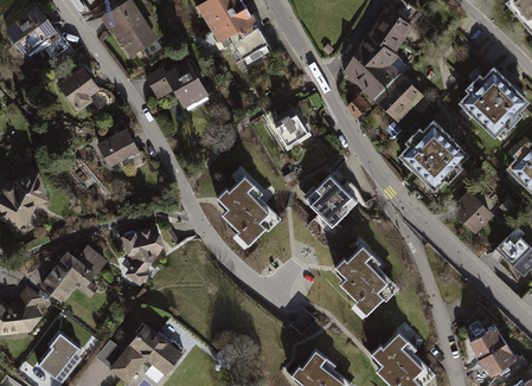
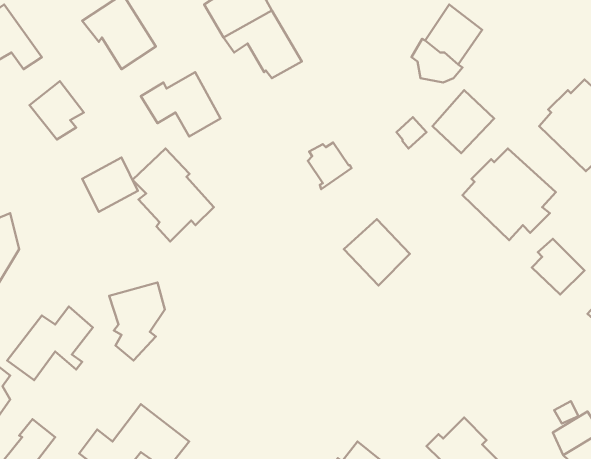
building: [344,47,399,102] -> none
building: [218,173,282,246] -> [133,148,214,242]
building: [333,244,398,314] -> none

